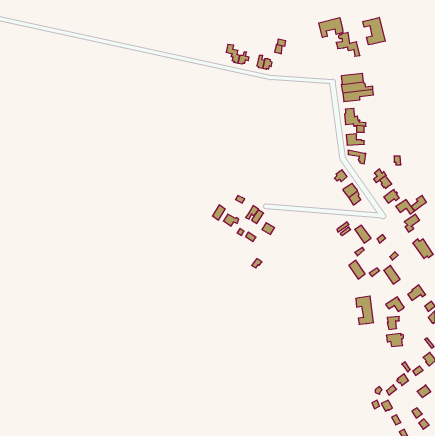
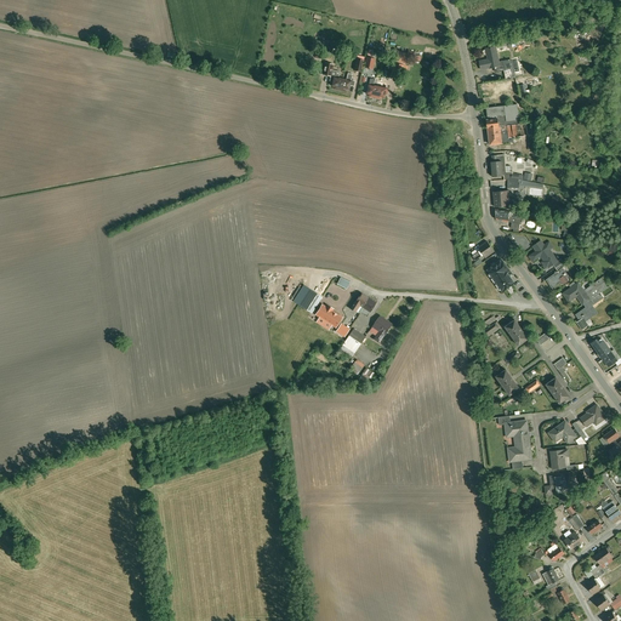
building: [363,17,385,45] -> none
building: [319,18,343,37] -> none

